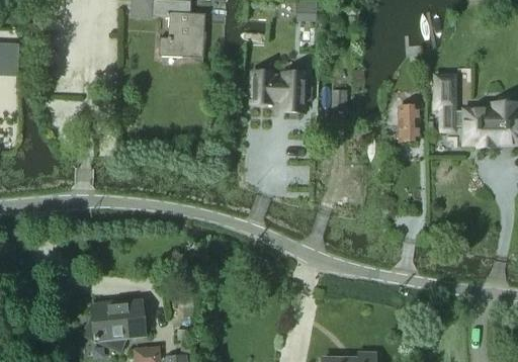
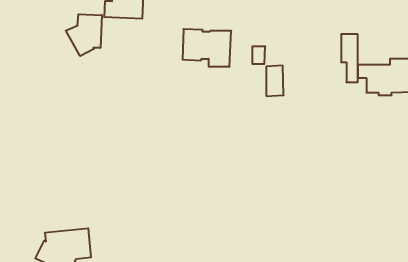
building: none -> [66,14,102,56]
building: [399,105,419,141] -> [266,66,284,96]

